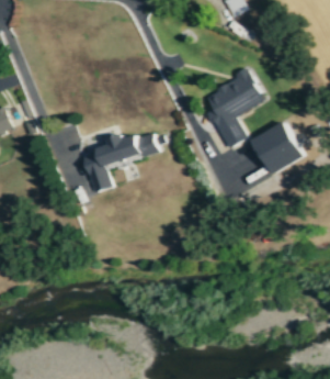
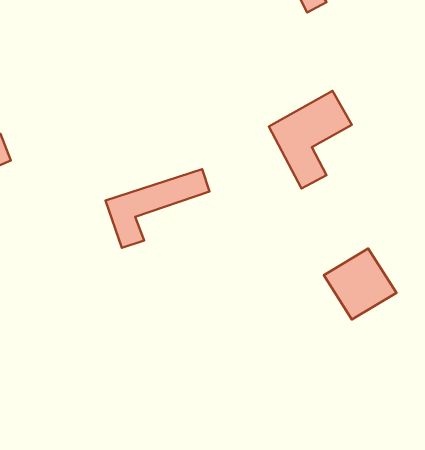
building: [251,122,305,175] -> [324,248,396,320]

